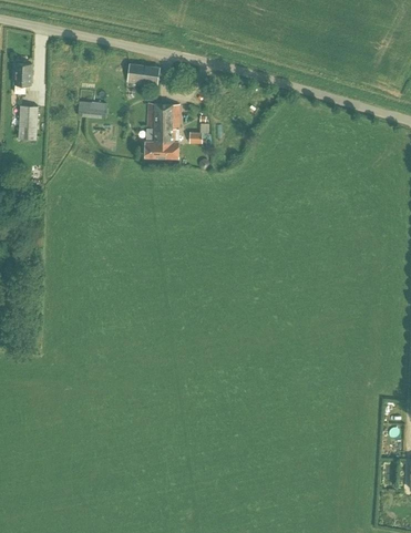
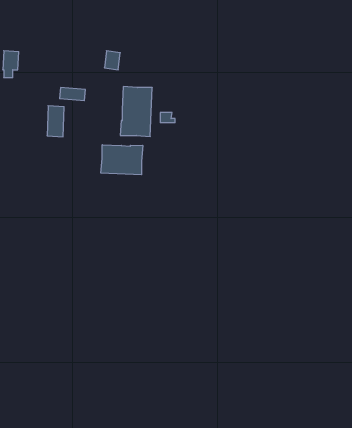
building: [18,105,37,140] -> [47,106,64,137]
building: none -> [101,145,143,175]

